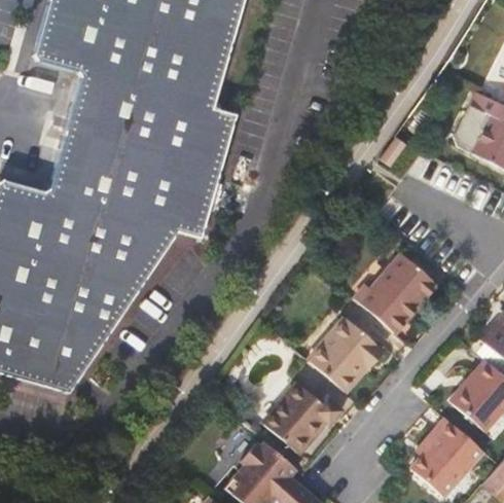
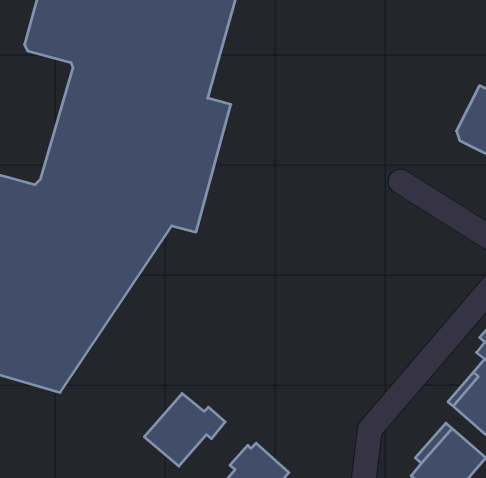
building: [354,253,434,331] -> none
building: [310,320,380,395] -> none
building: [261,386,340,457] -> [144,393,225,466]

